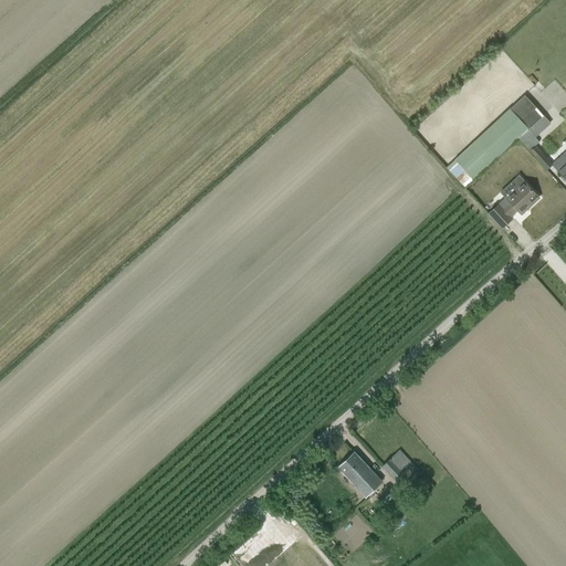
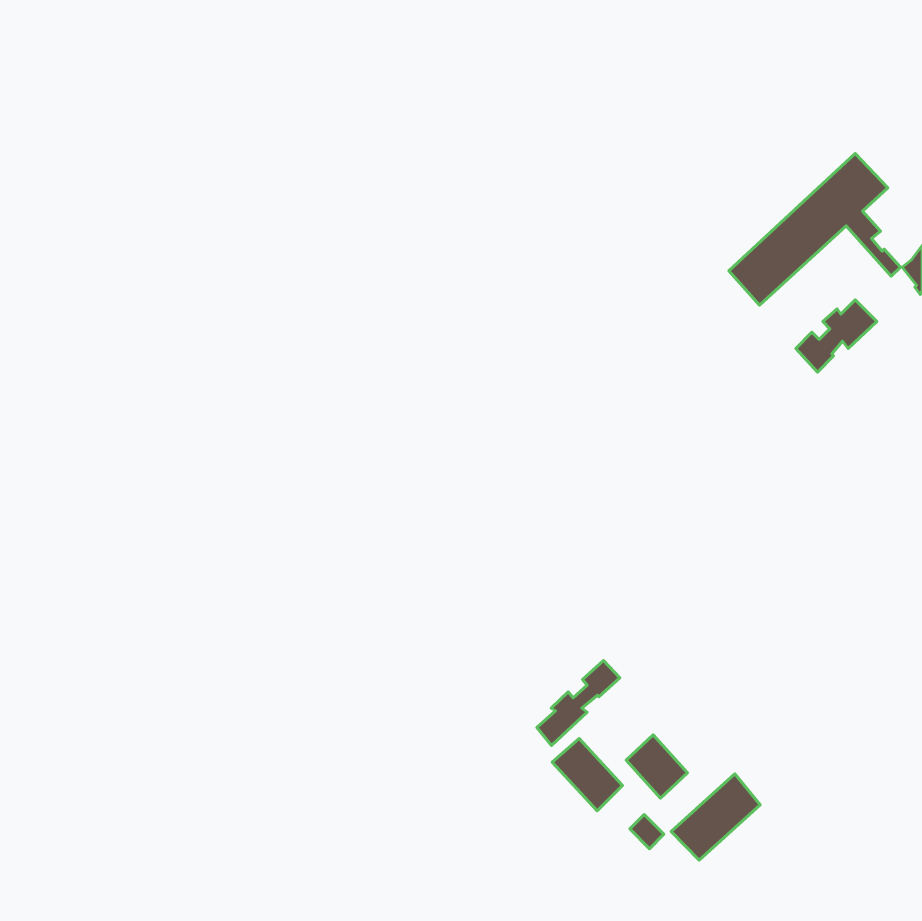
building: none -> [537,661,620,745]
building: none -> [671,774,760,860]

